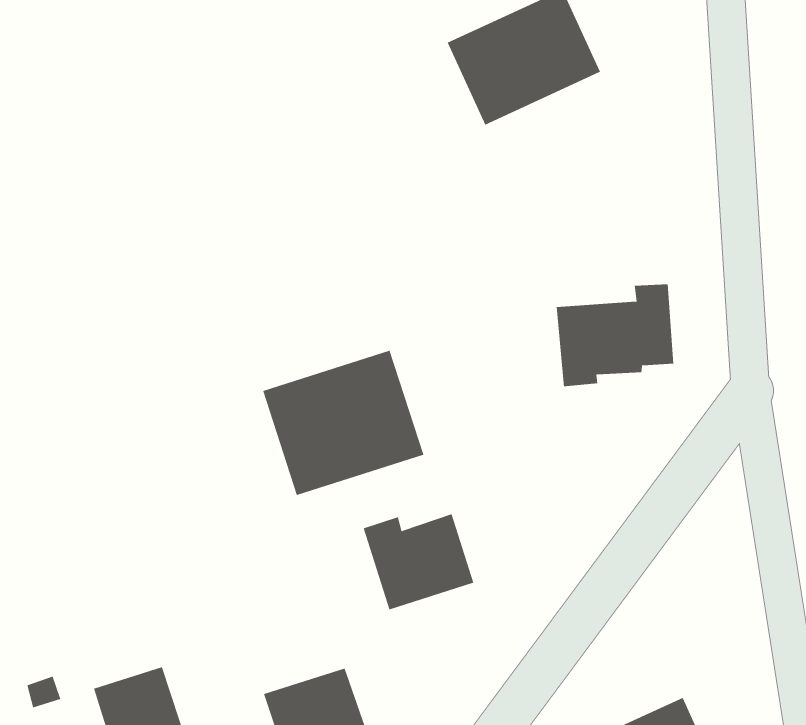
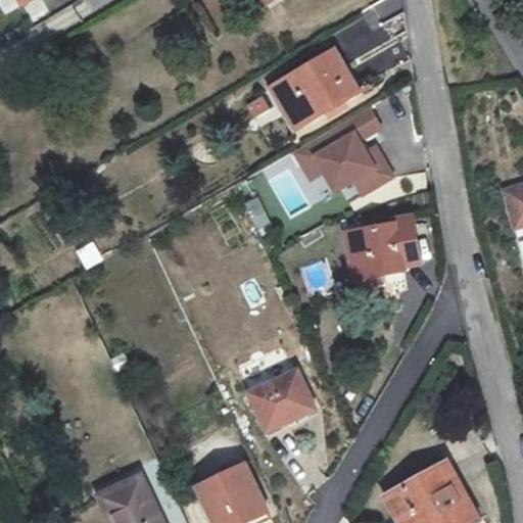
building: none -> [290,106,394,204]
building: [262,350,424,496] -> none

